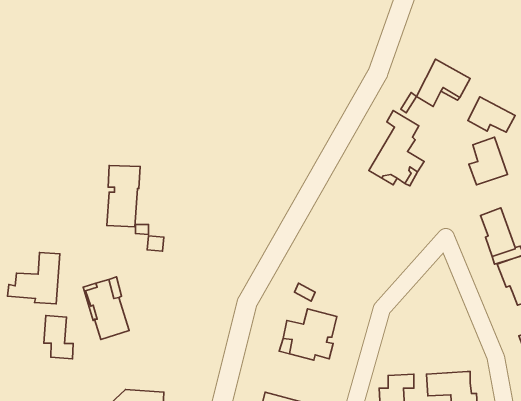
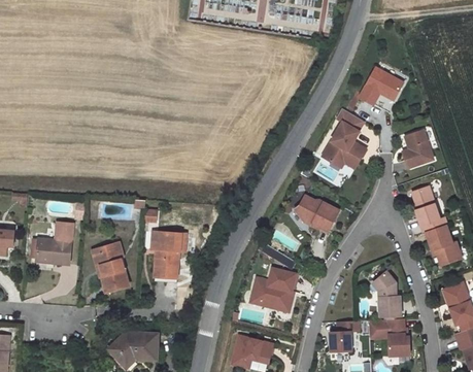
building: [468,97,515,132] -> none
building: [107,165,140,227] -> [154,232,180,281]
building: none -> [294,195,339,231]
building: none -> [372,271,400,316]
building: [44,315,73,359] -> none

